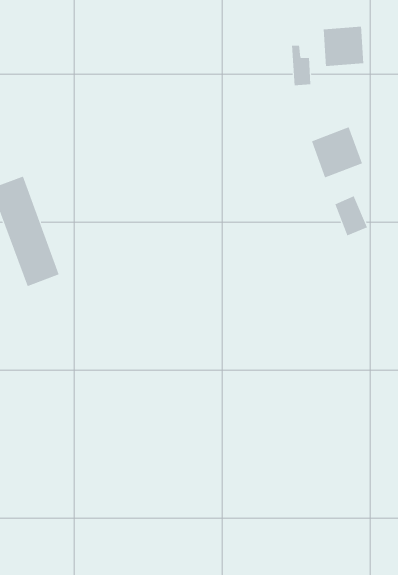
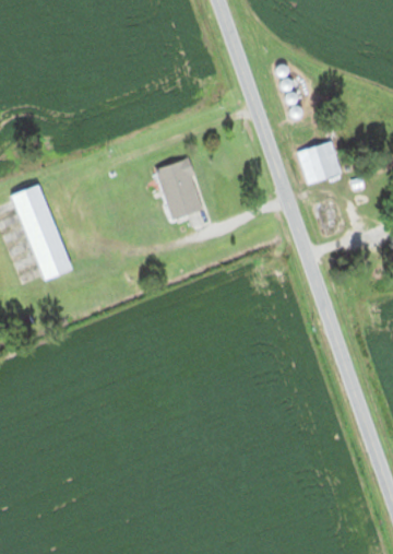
building: [323,26,364,67] -> none
building: none -> [155,158,202,220]

